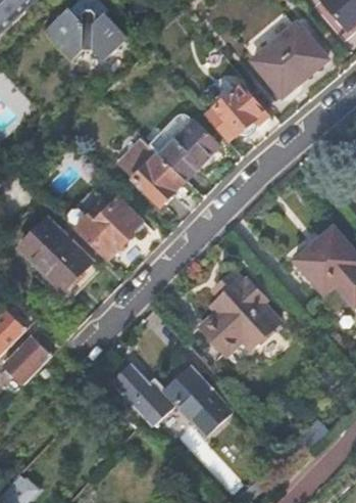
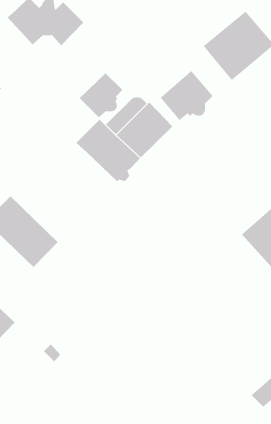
building: none -> [79,72,123,118]
building: [74,198,141,261] -> none
building: [201,270,282,353] -> none
building: [112,359,233,436] -> none

